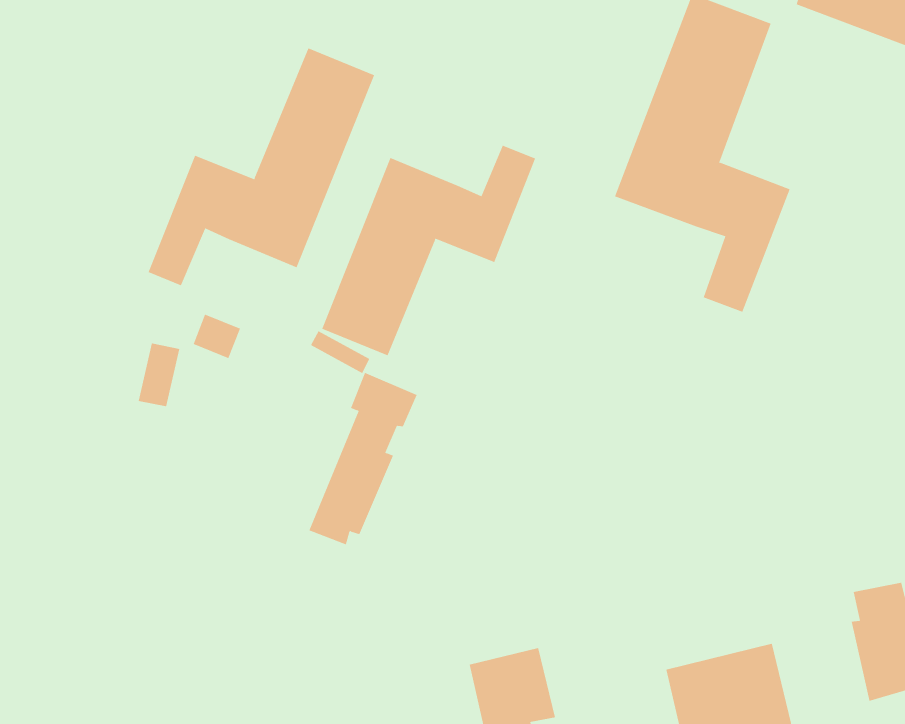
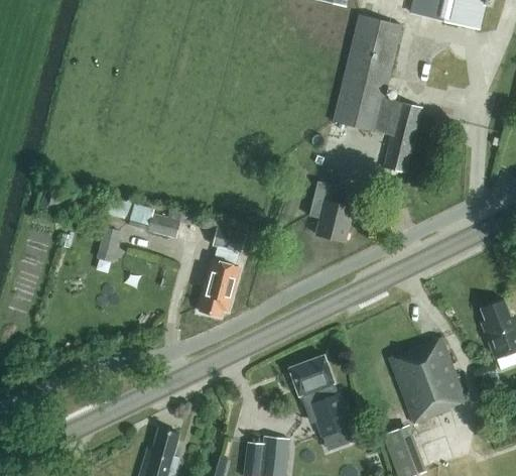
building: [148,48,375,286] -> none
building: [322,145,536,356] -> none
building: none -> [308,181,353,241]
building: none -> [147,213,179,238]

